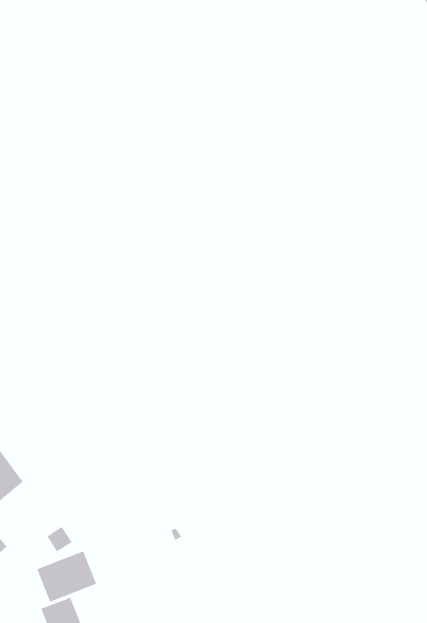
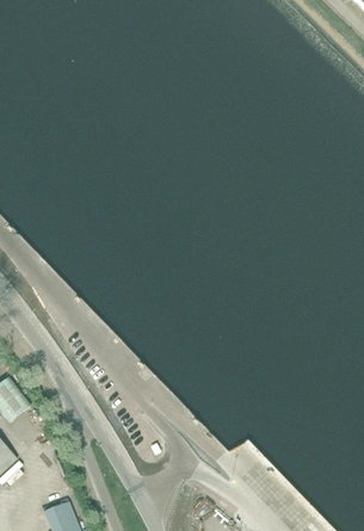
building: [36,551,97,603] -> none

